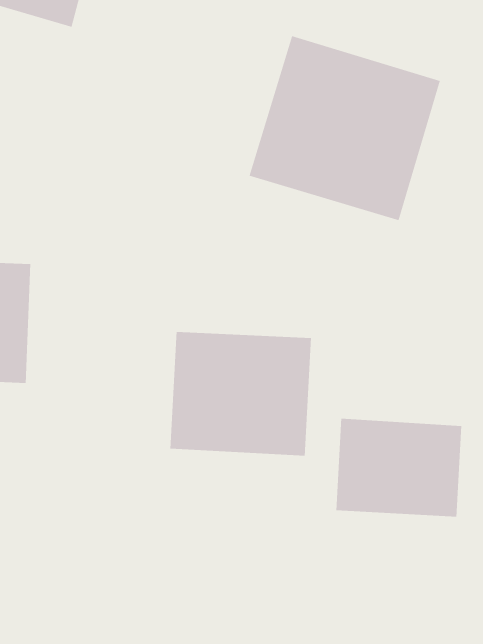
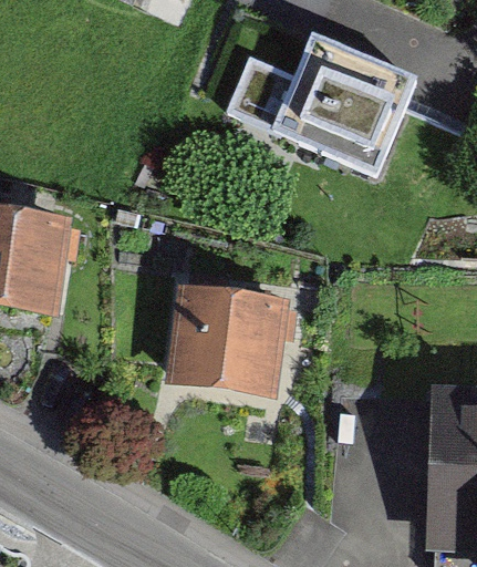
building: [335,418,462,517] -> none

